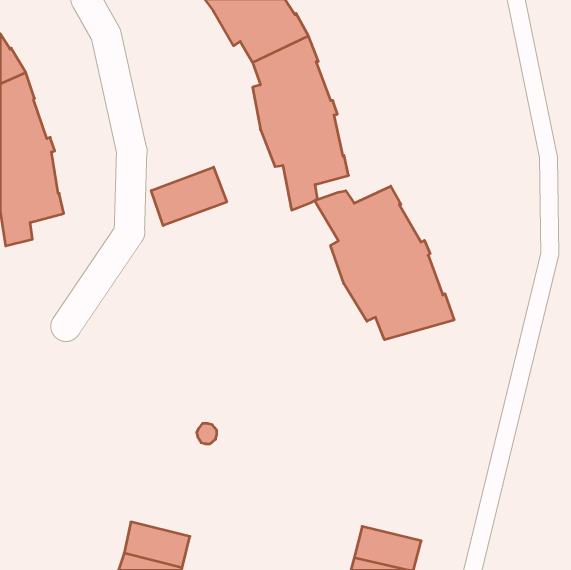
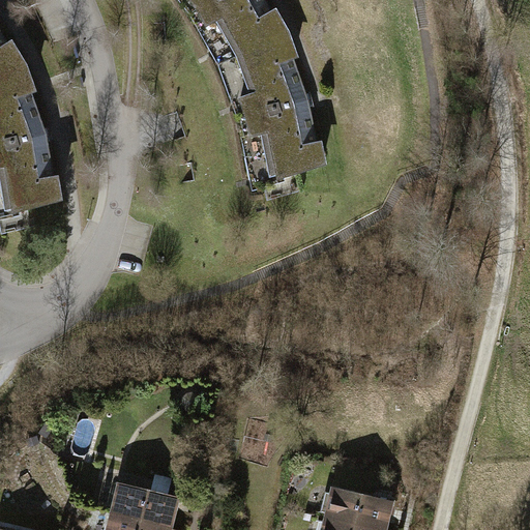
building: [151,167,227,226] -> none
building: [315,186,454,340] -> none

